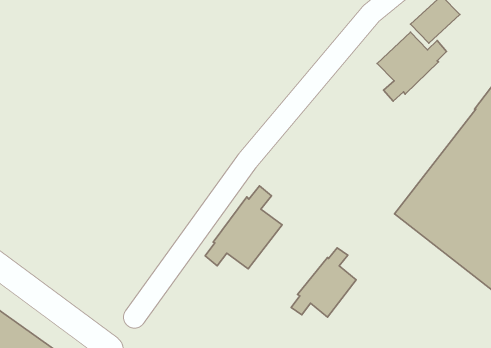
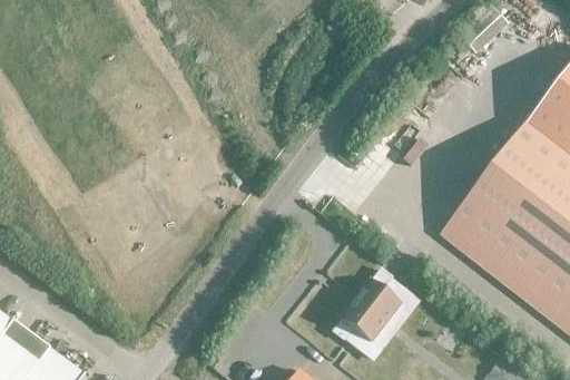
building: [377,32,447,101] -> none
building: [205,186,282,269] -> none

